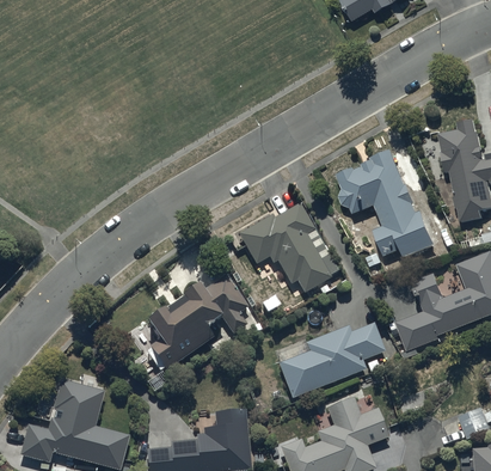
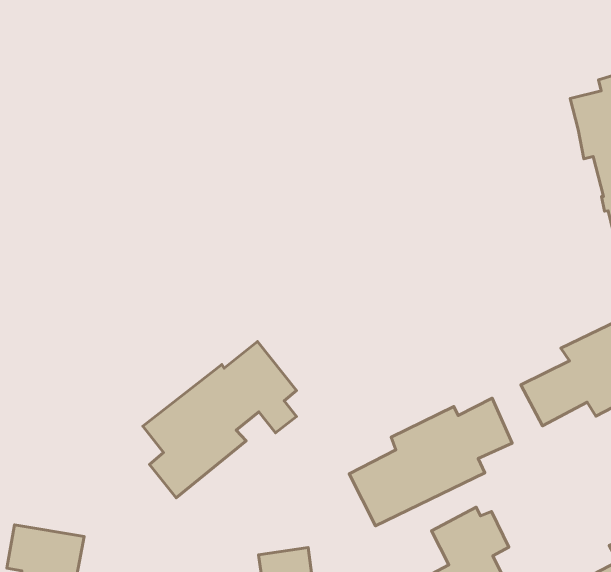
building: [337,149,435,259] -> none
building: [238,203,338,298] -> none

